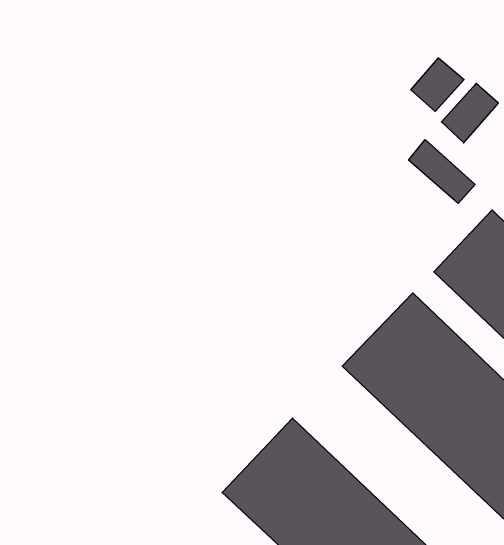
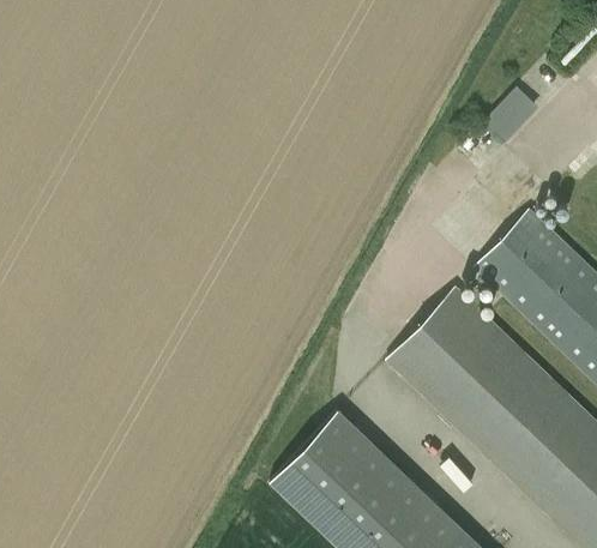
building: [411,58,464,111] -> none
building: [409,140,475,203] -> none

